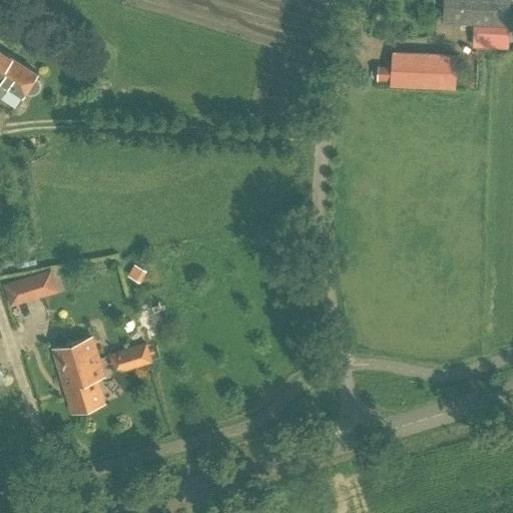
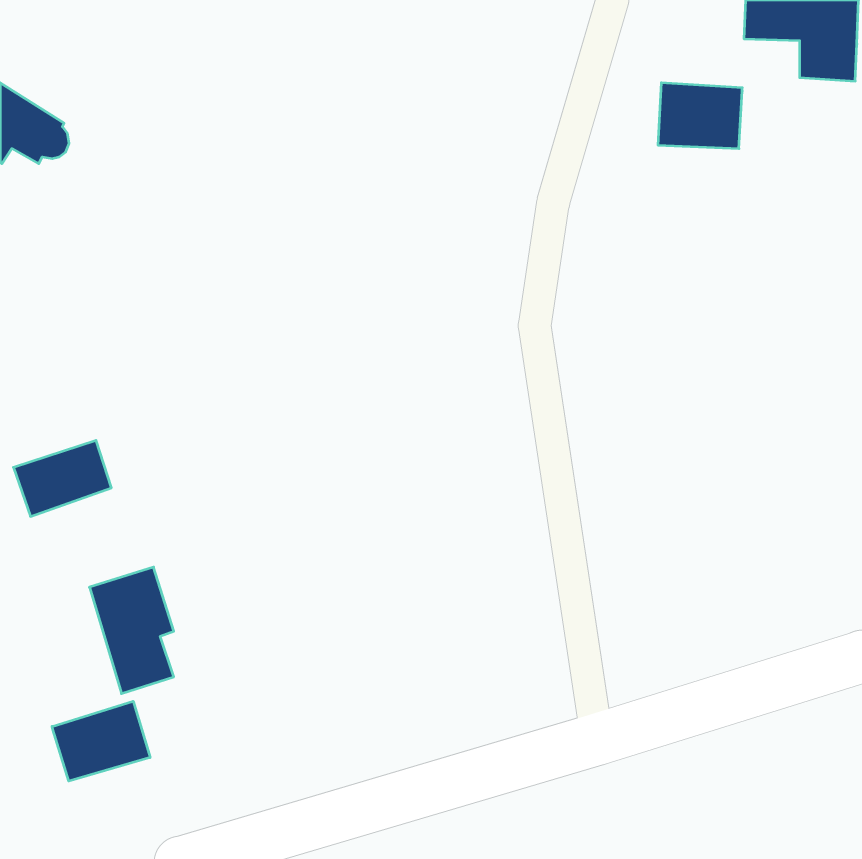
building: [108,343,152,376] -> none
building: none -> [52,701,150,781]

